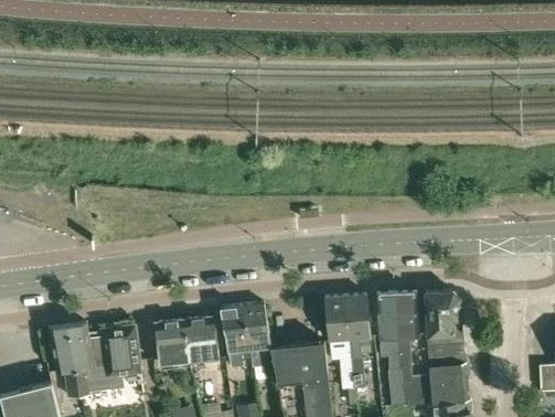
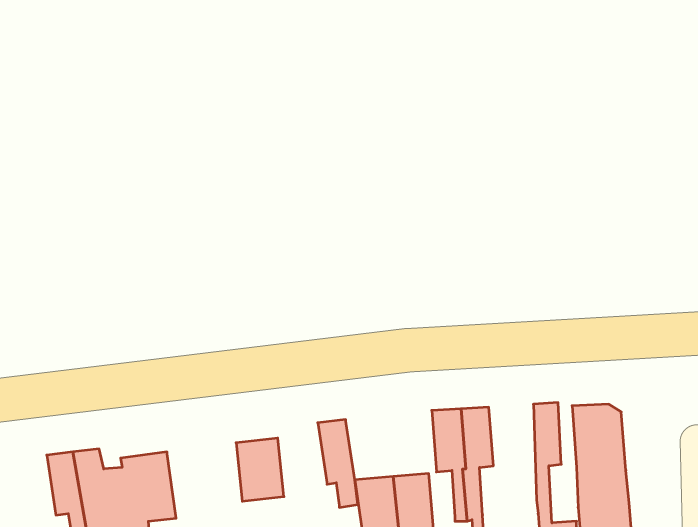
building: [376,292,401,372] -> none
building: [222,306,249,370] -> none
building: [154,320,189,366] -> none

